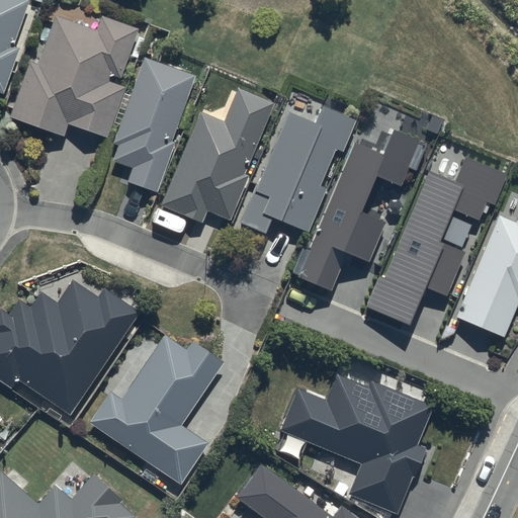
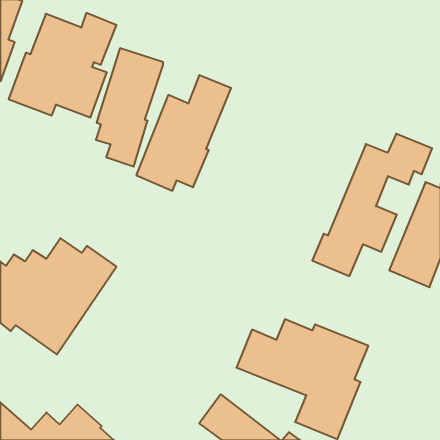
building: [238,105,355,236] -> none
building: [298,127,428,292] -> none
building: [87,335,222,485] -> none

